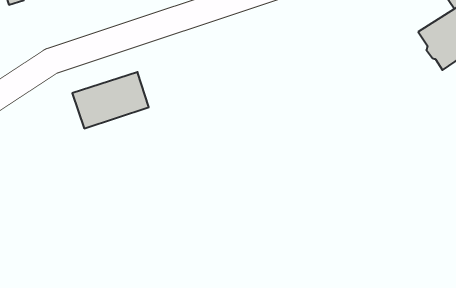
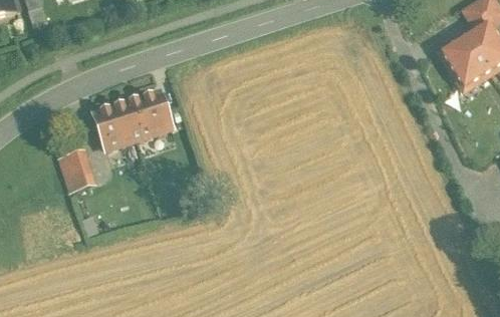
building: none -> [60,147,94,191]

